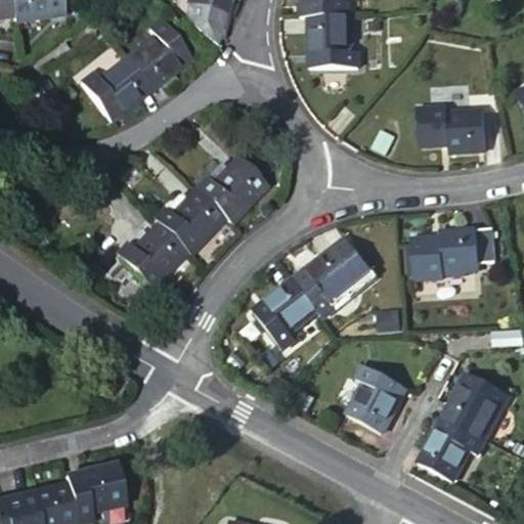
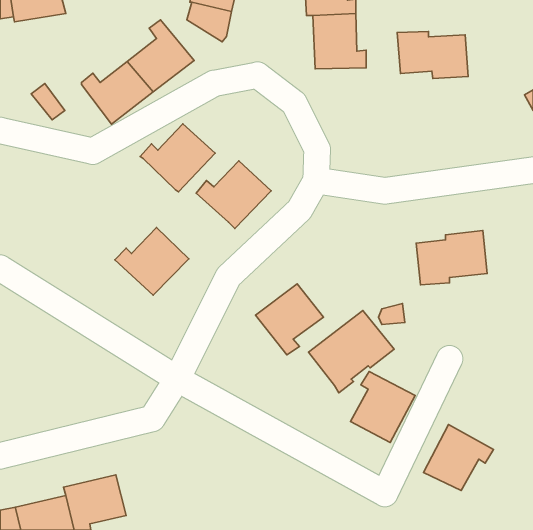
building: [417,105,486,151] -> [397,32,468,79]
building: [150,189,224,256] -> [140,124,215,192]
building: [292,237,376,318] -> [309,310,394,393]
building: [440,372,509,441] -> none

